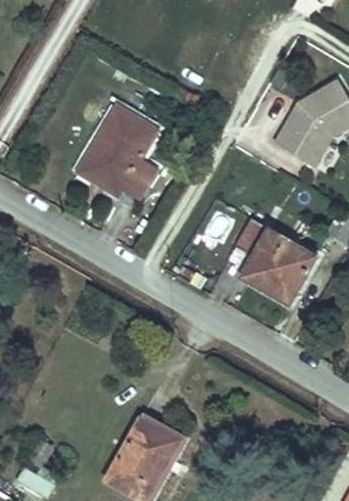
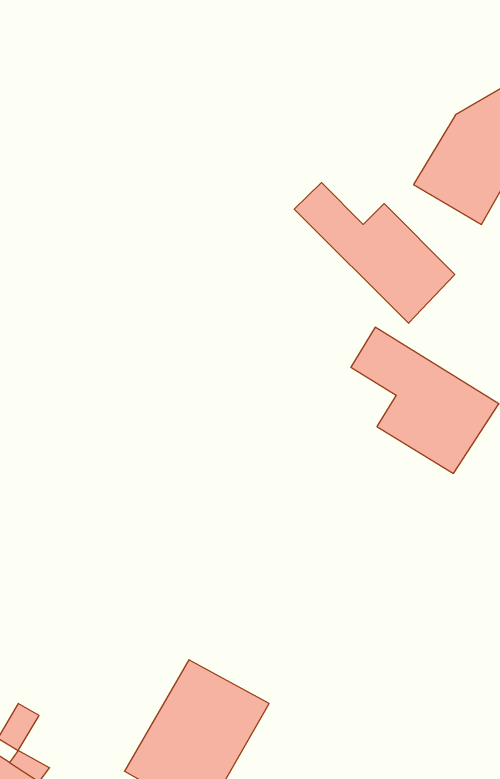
building: [81,102,162,202] -> none
building: none -> [294,183,455,323]

